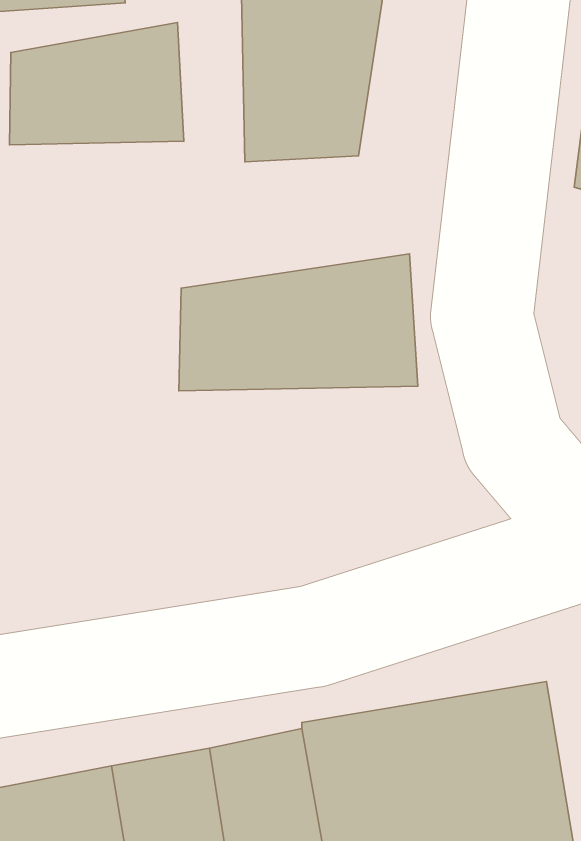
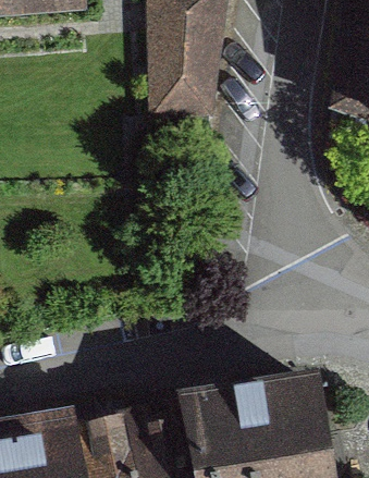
building: [10,22,184,145] -> none
building: [179,254,418,391] -> none

